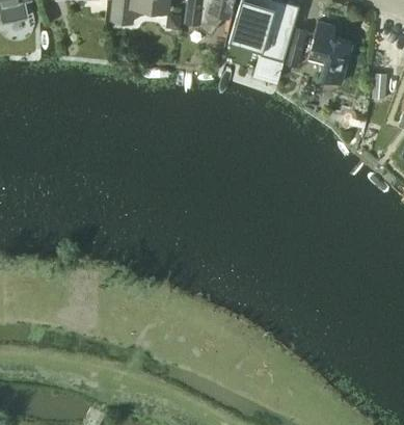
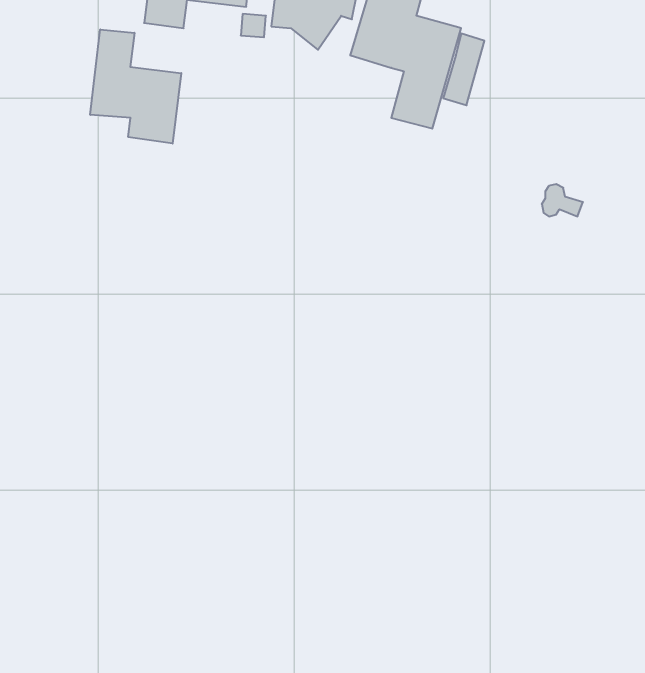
building: [308,21,353,84] -> none
building: none -> [90,29,181,144]

